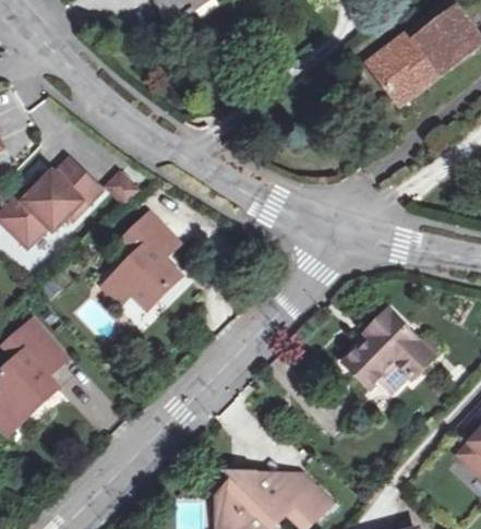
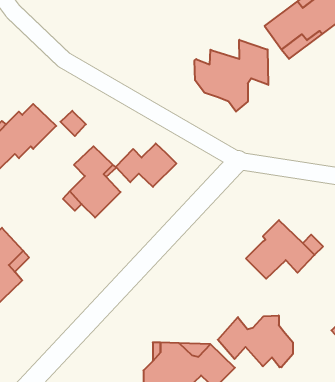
building: none -> [195,40,268,112]
building: none -> [116,143,176,187]
building: none -> [218,315,293,367]

